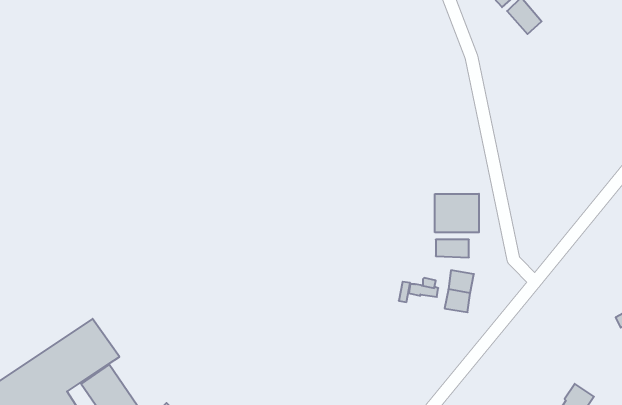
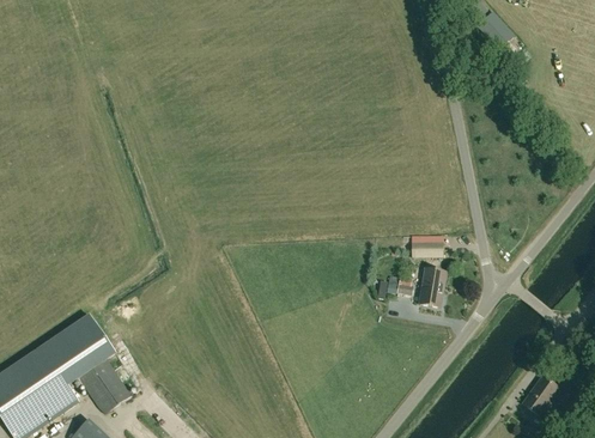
building: [435,194,479,232] -> none

